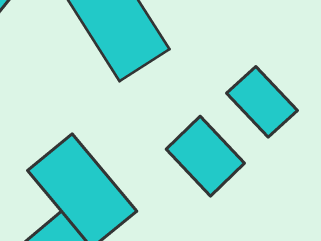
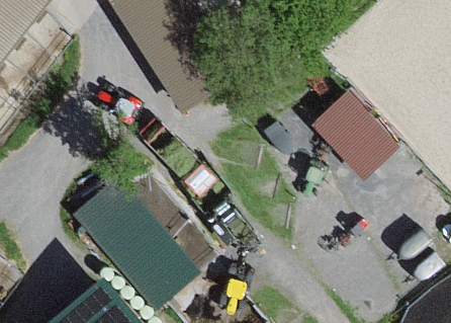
building: [166,116,245,196] -> none

